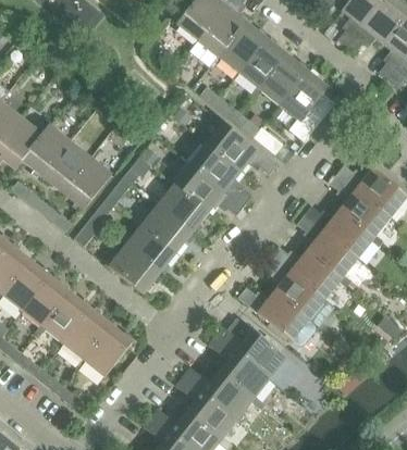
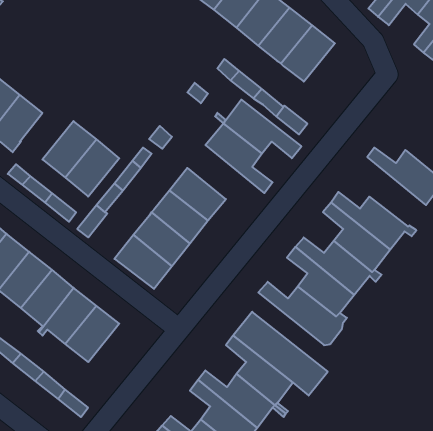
building: [279,71,333,141] -> none
building: [21,125,70,176] -> none
building: [173,163,243,215] -> none
building: [329,174,390,237] -> none
building: [83,325,132,376] -> none

